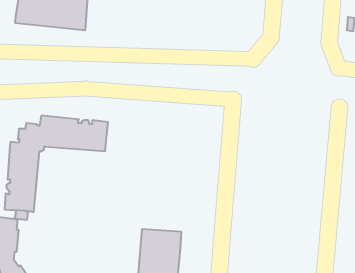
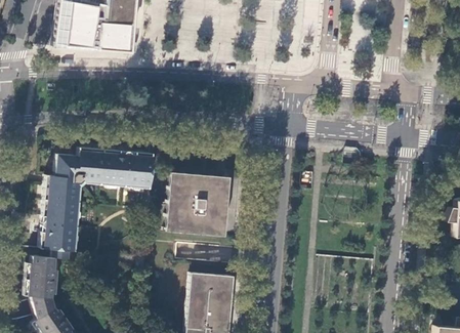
building: none -> [167,169,231,234]

